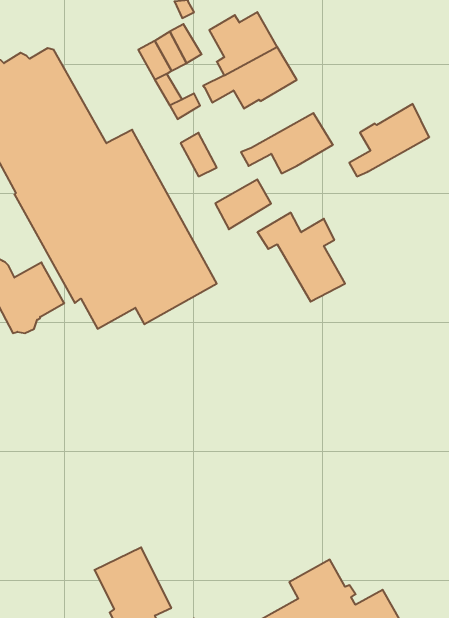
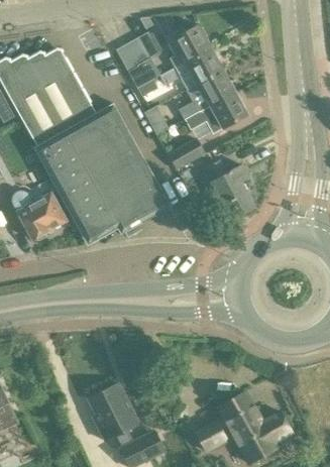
building: [349,104,429,176] -> [180,70,233,118]

